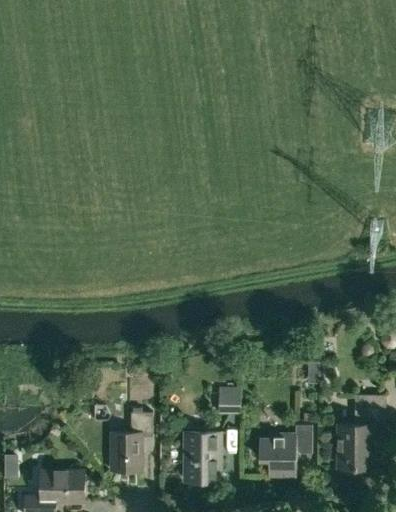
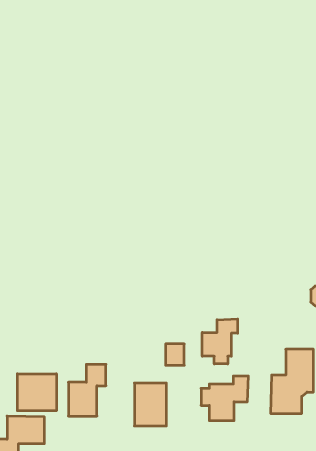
building: none -> [202,319,238,364]
building: none -> [17,374,56,411]

